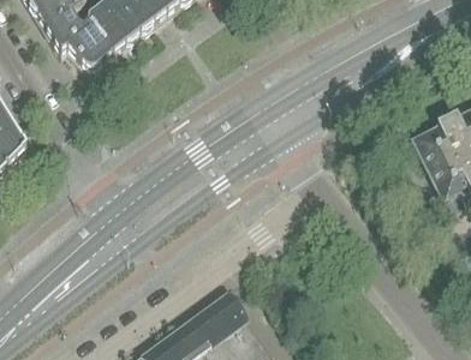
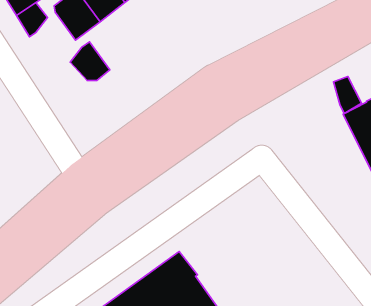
building: [67,23,112,66] -> [70,42,110,81]
building: none -> [334,77,361,113]

